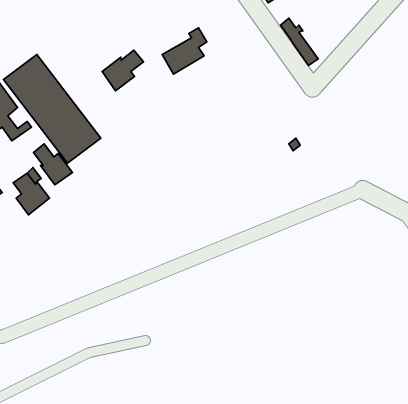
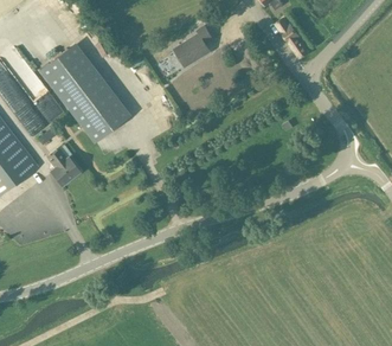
building: [102,50,143,91] -> none
building: [34,144,73,185] -> none

